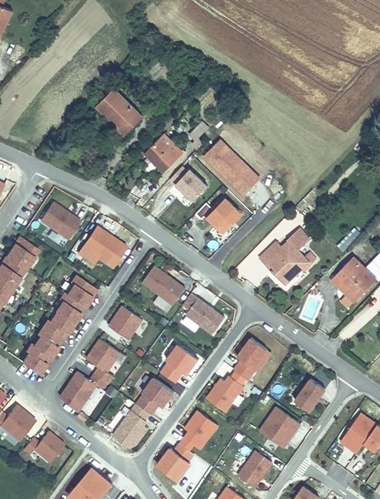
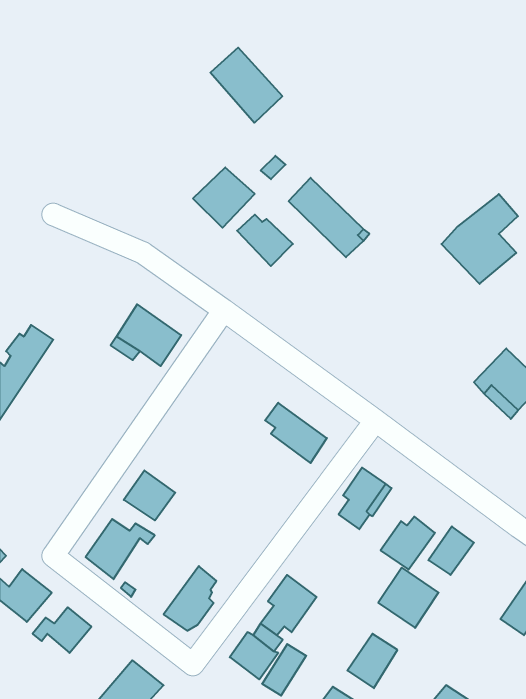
building: [89,87,138,138] -> [210,48,282,123]
building: [198,195,236,233] -> none
building: [41,204,81,241] -> none
building: [256,226,308,287] -> [441,194,518,284]
building: [143,268,185,306] -> none
building: [19,273,93,371] -> none
building: [109,307,143,341] -> none
building: [161,346,198,383] -> none
building: [206,375,243,411] -> [381,517,435,570]
building: [138,378,175,415] -> none

